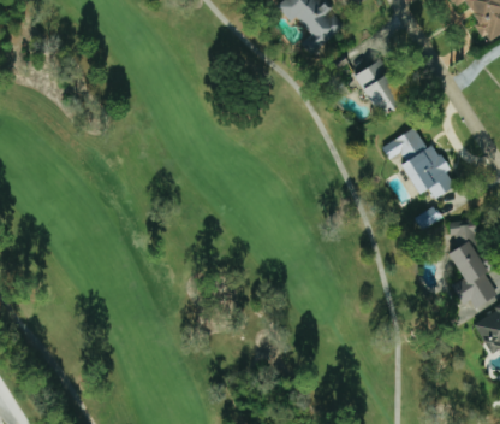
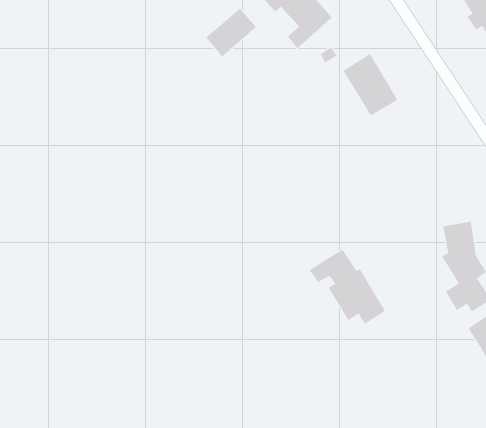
building: none -> [205,8,257,58]
building: [381,126,454,199] -> [309,249,386,325]

